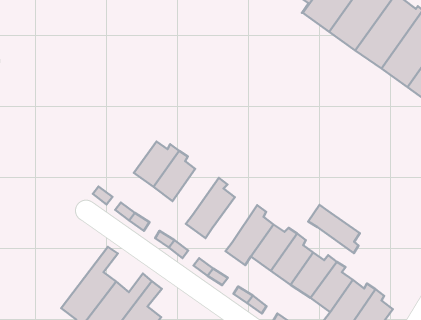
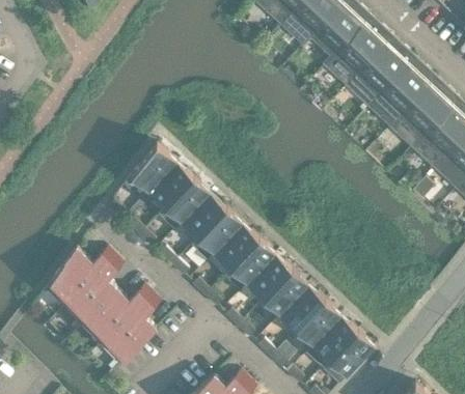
building: none -> [131,146,173,193]
building: none -> [181,197,226,240]
building: none -> [214,228,258,270]
building: [308,205,360,253] -> none
building: none -> [46,249,115,309]

